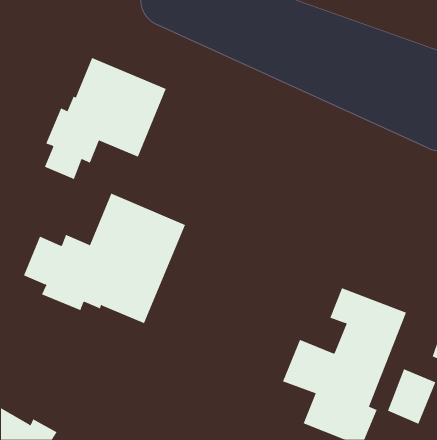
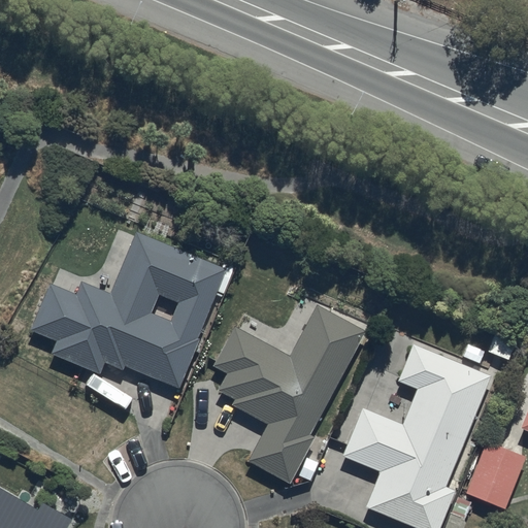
building: [44,57,166,180] -> none
building: none -> [213,305,365,483]

